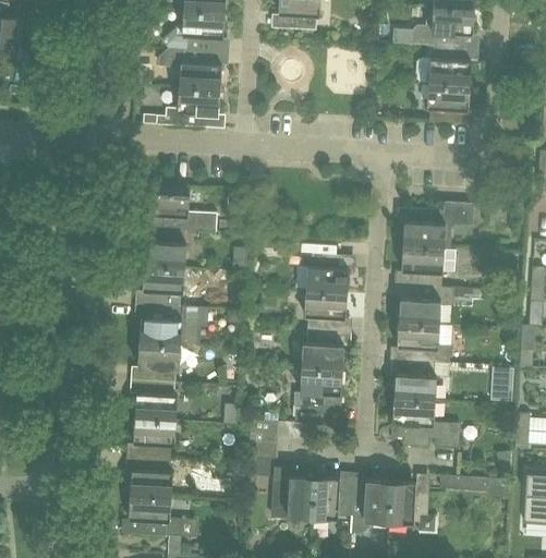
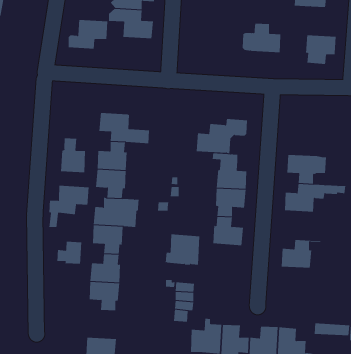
building: [417,45,471,85] -> [242,23,281,53]
building: [166,86,220,126] -> [68,20,108,49]
building: [403,201,474,248] -> [196,119,248,154]
building: none -> [61,138,86,173]
building: none -> [49,185,89,228]
building: [398,322,450,363] -> none
building: none -> [57,241,82,265]
building: [294,366,342,409] -> [165,234,200,265]
building: [392,398,461,448] -> none
building: [131,457,173,496] -> none

